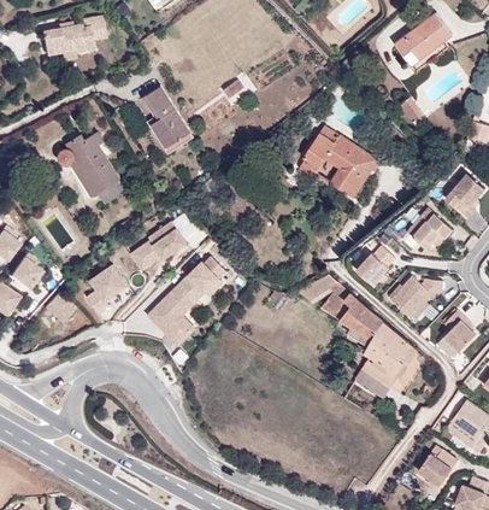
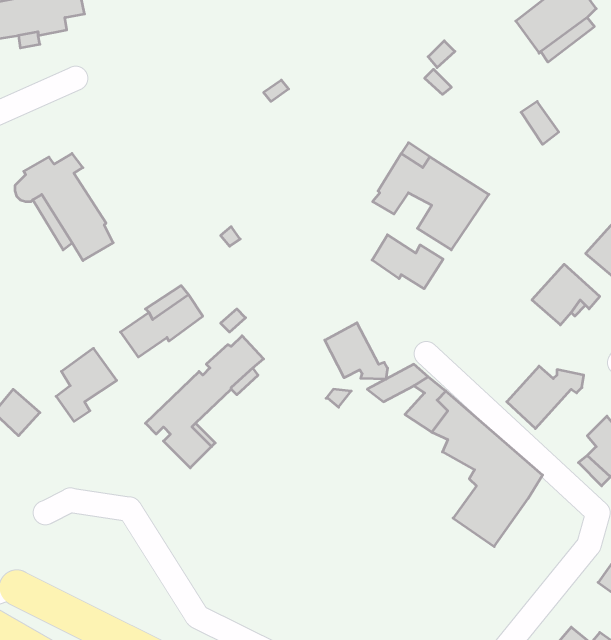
building: [148,87,190,147] -> none
building: none -> [372,235,443,289]
building: [357,246,395,285] -> none
building: none -> [325,323,388,379]

